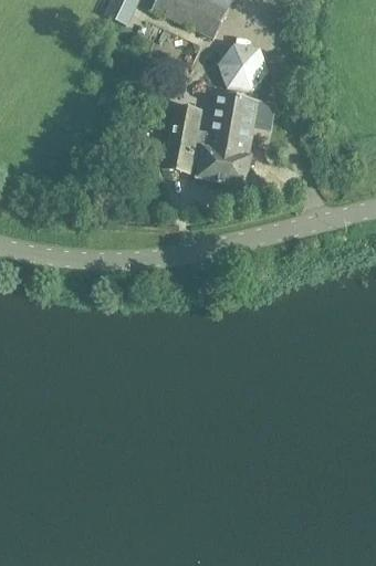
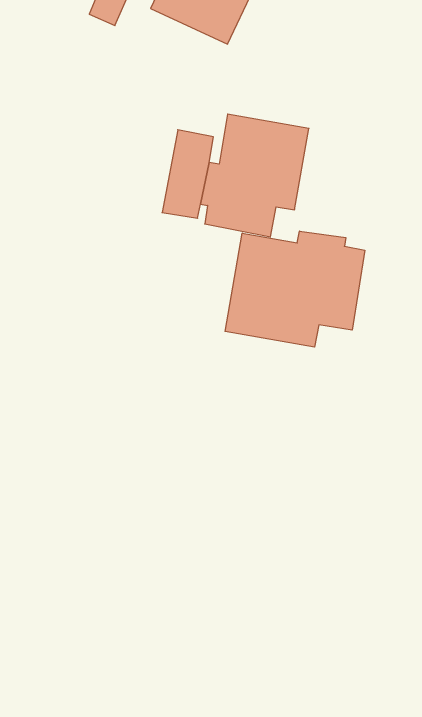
building: [219,43,268,90] -> none
building: none -> [225,231,365,347]

